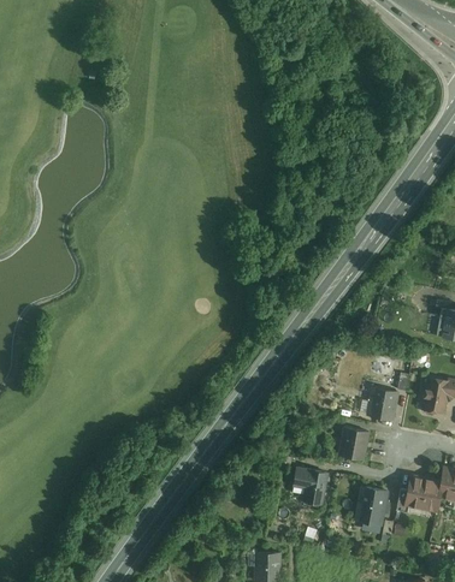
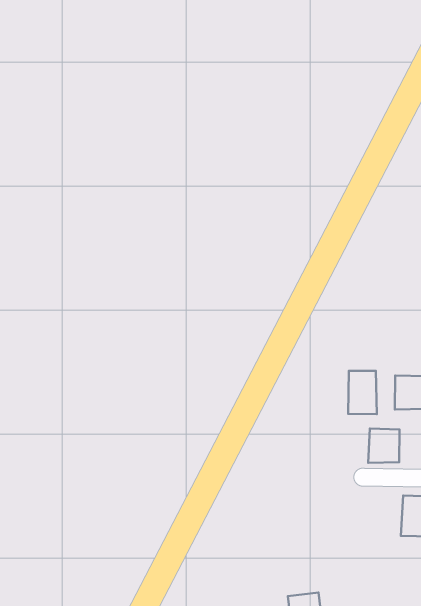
building: none -> [348,371,377,414]
building: [292,468,327,504] -> none

